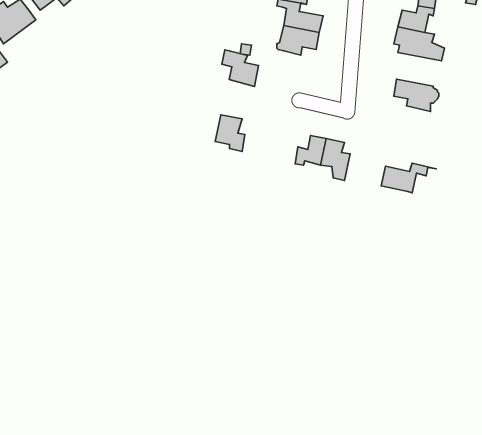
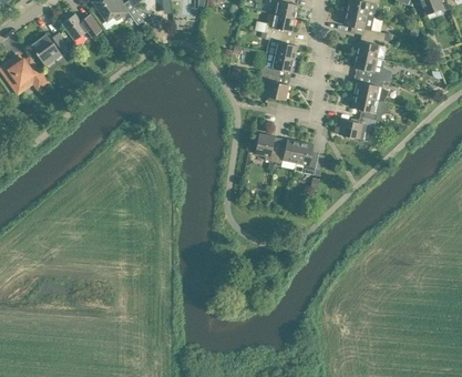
building: [222,50,259,87] -> [259,71,288,100]
building: none -> [353,73,390,100]
building: [215,115,245,151] -> [254,132,277,161]
building: [381,163,436,193] -> [338,115,381,139]

